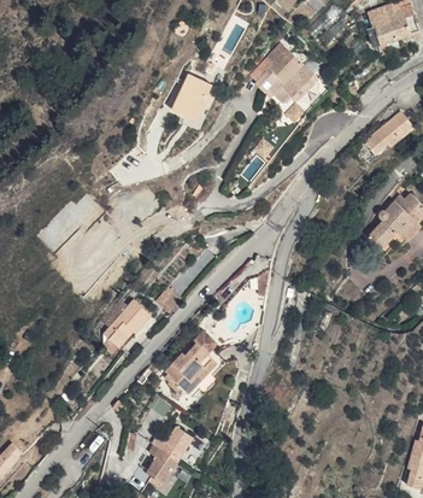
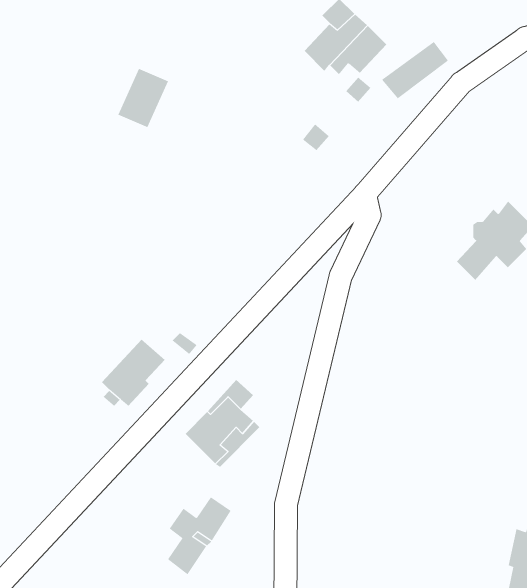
building: [171,75,210,119] -> [117,68,169,128]
building: [363,111,413,154] -> [381,41,449,99]

